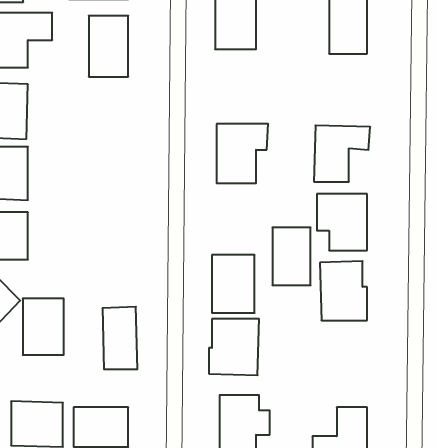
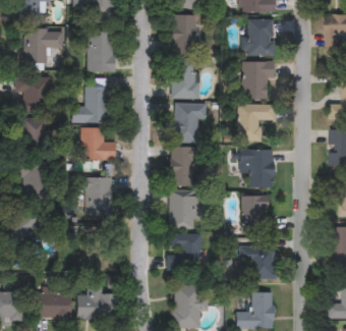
building: none -> [171,58,198,98]
building: none -> [242,61,274,99]
building: none -> [72,85,108,122]
building: none -> [80,127,115,160]
building: [272,227,311,285] -> [171,147,196,185]
building: [23,298,64,355] -> [84,176,112,214]
building: none -> [240,245,276,279]

